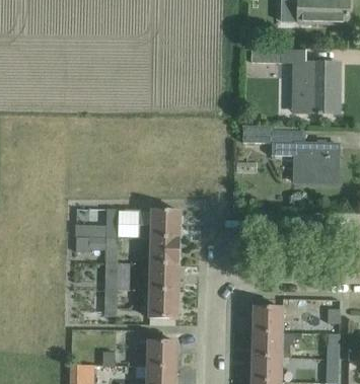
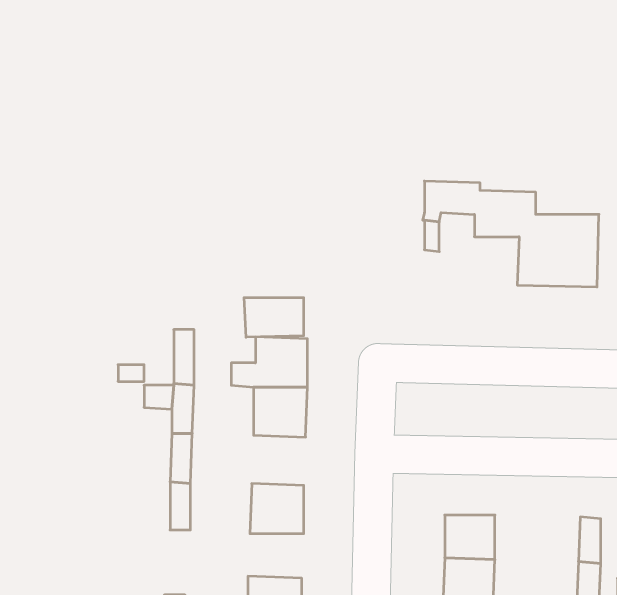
building: [251,49,340,113] -> none
building: none -> [244,298,304,337]
building: [149,263,178,291] -> none

